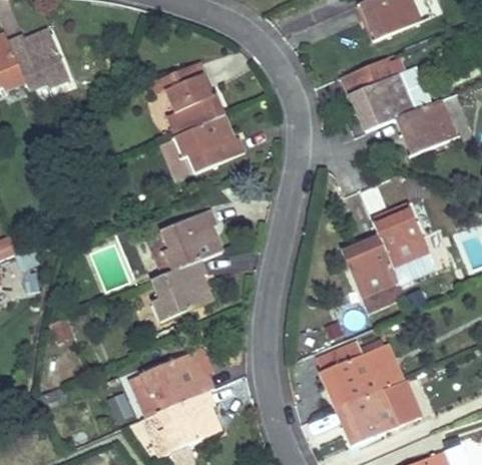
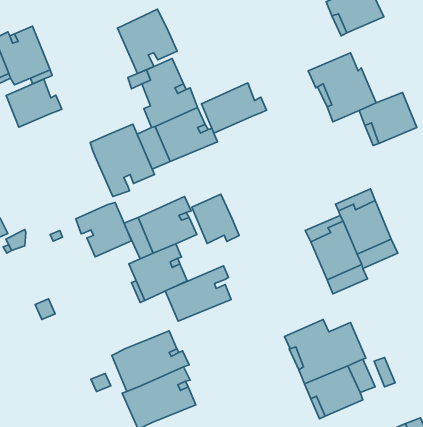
building: none -> [118,9,177,73]
building: none -> [6,79,62,127]
building: none -> [201,83,267,133]
building: none -> [90,124,155,197]
building: none -> [192,194,239,243]
building: none -> [76,203,132,257]
building: none -> [165,266,231,321]

